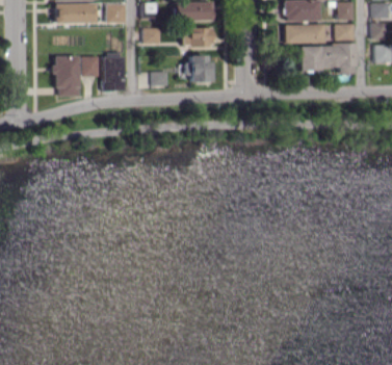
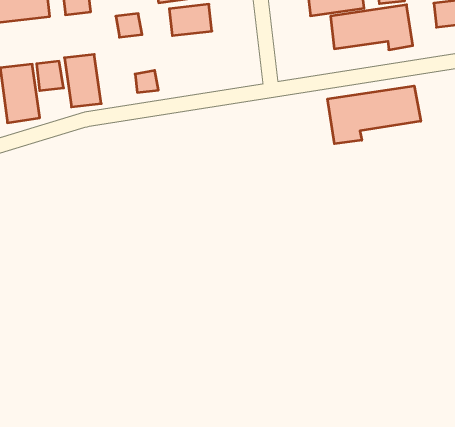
building: [186,55,212,82] -> none
building: none -> [328,86,421,144]

